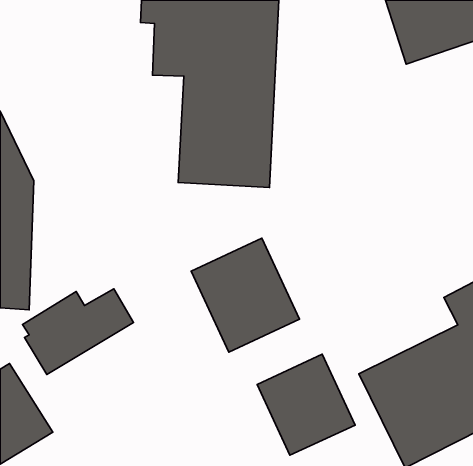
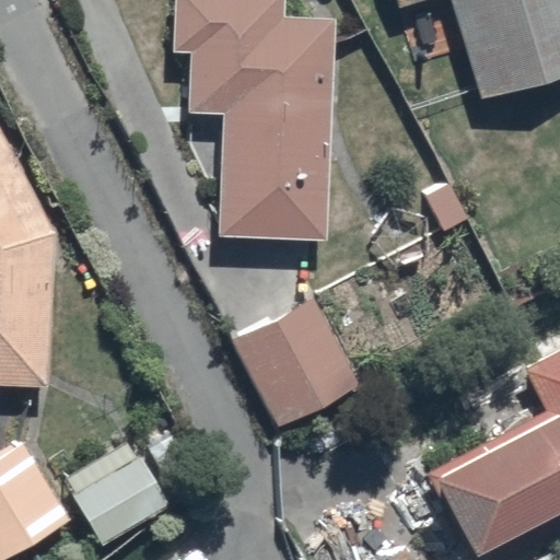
building: [22,289,134,374] -> [70,438,199,537]
building: [257,354,355,455] -> none

